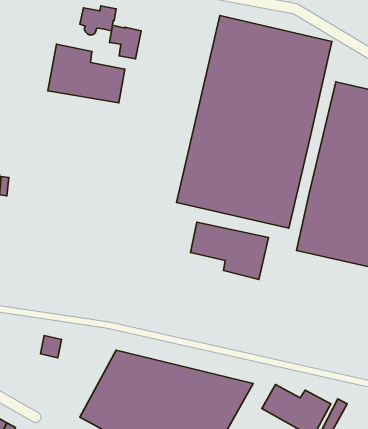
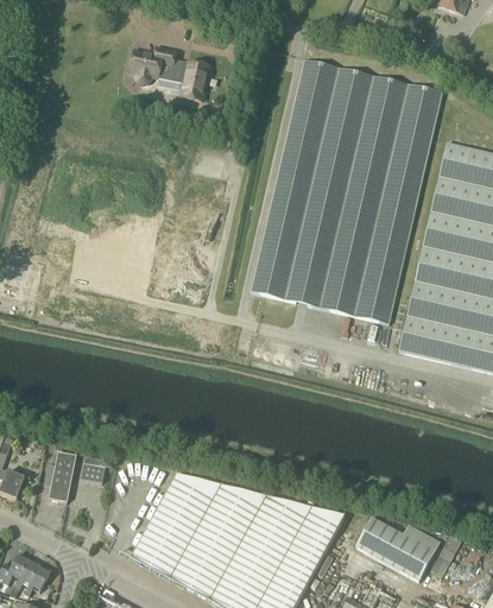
building: [48,44,125,103] -> none
building: [190,222,269,279] -> none
building: none -> [49,450,76,500]

